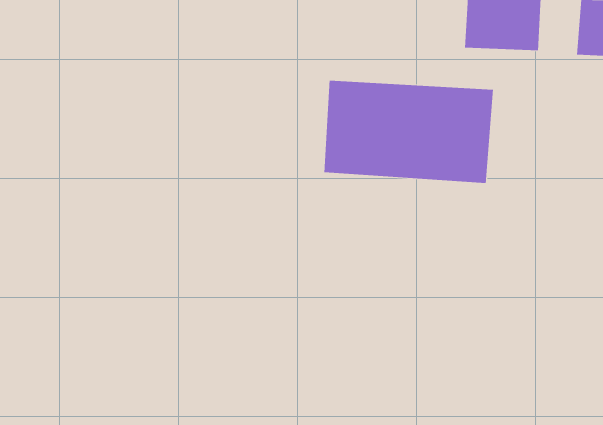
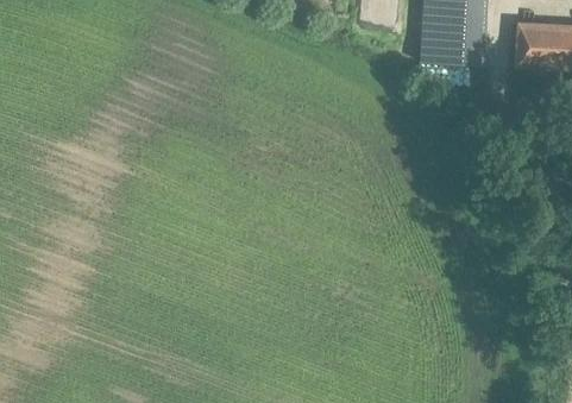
building: [324,80,493,184] -> none

